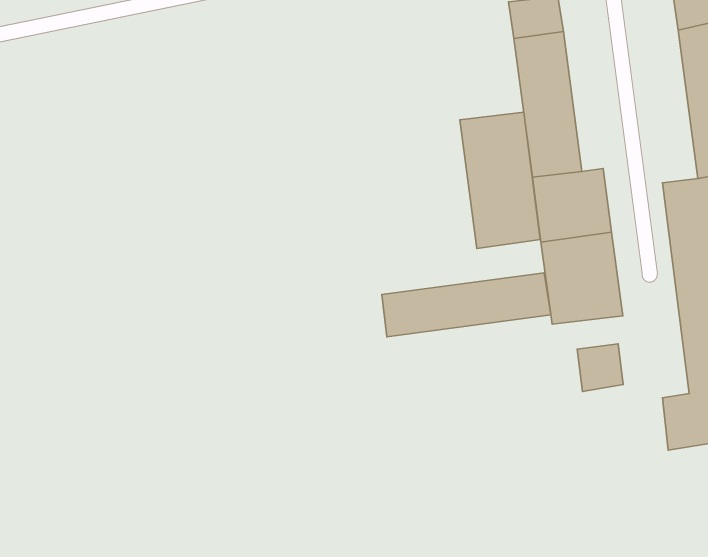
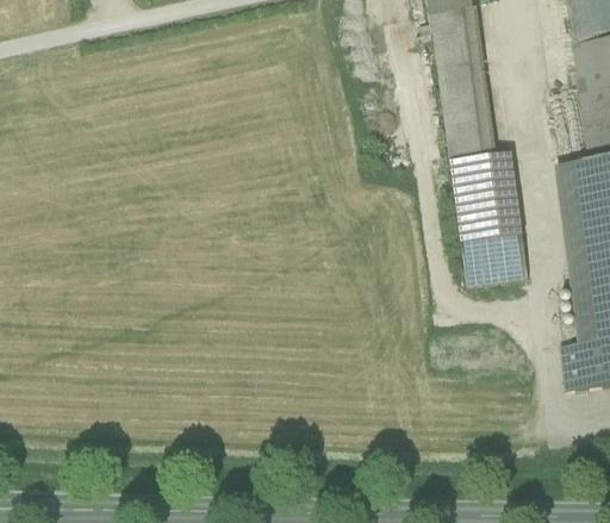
building: [460,112,540,249] -> none
building: [382,273,551,337] -> none
building: [577,344,623,392] -> none

